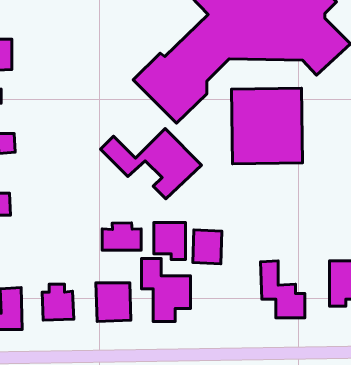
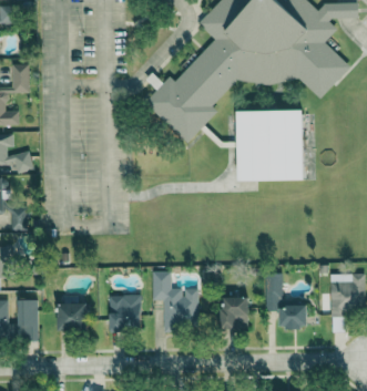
building: [101,129,202,199] -> none
building: [154,223,185,259] -> none
building: [102,223,141,250] -> none
building: [193,230,222,264] -> [221,297,248,329]

